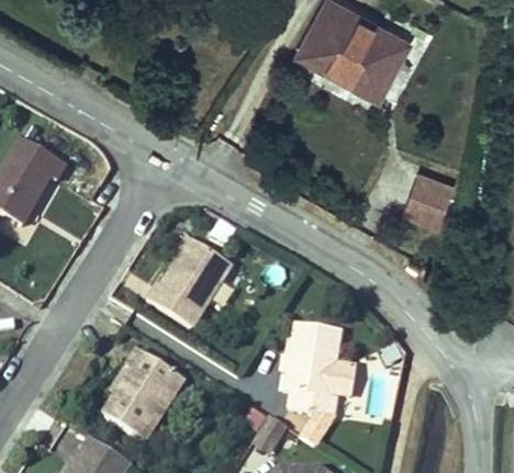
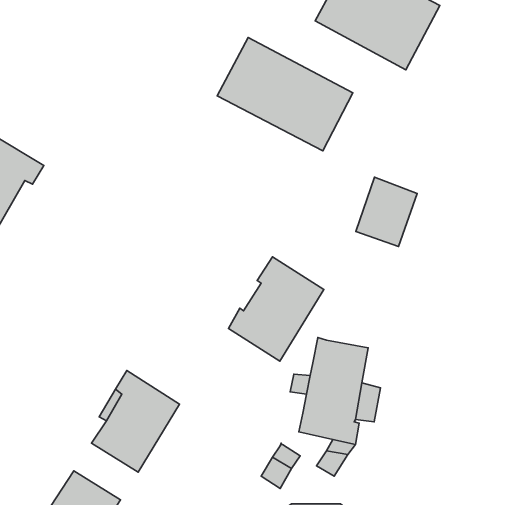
building: none -> [217,37,353,151]
building: [401,166,455,226] -> [356,177,417,246]
building: [147,238,231,329] -> [228,257,324,361]

